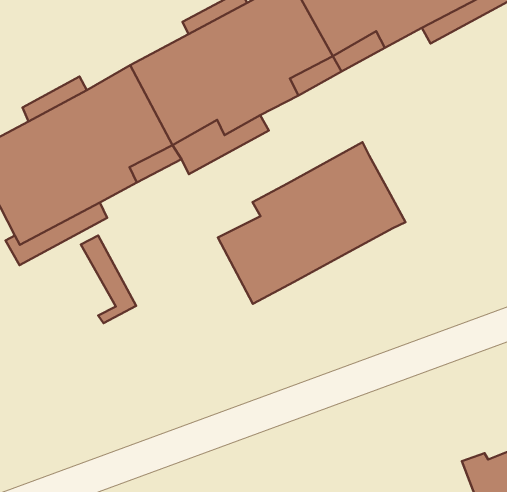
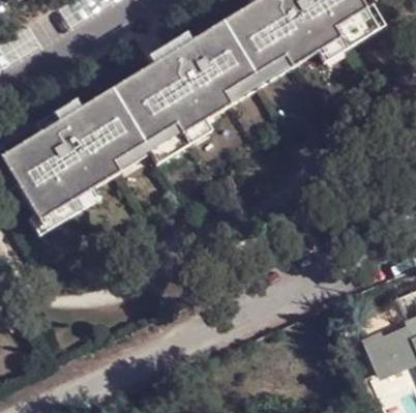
building: [218,142,405,304] -> none
building: [81,235,136,323] -> none

